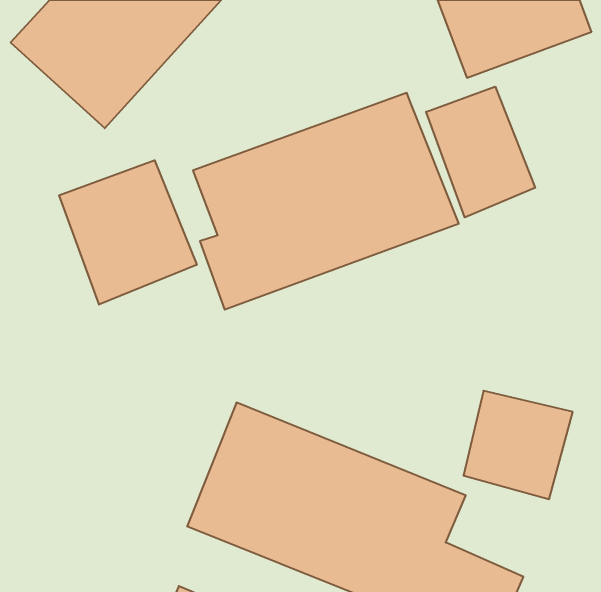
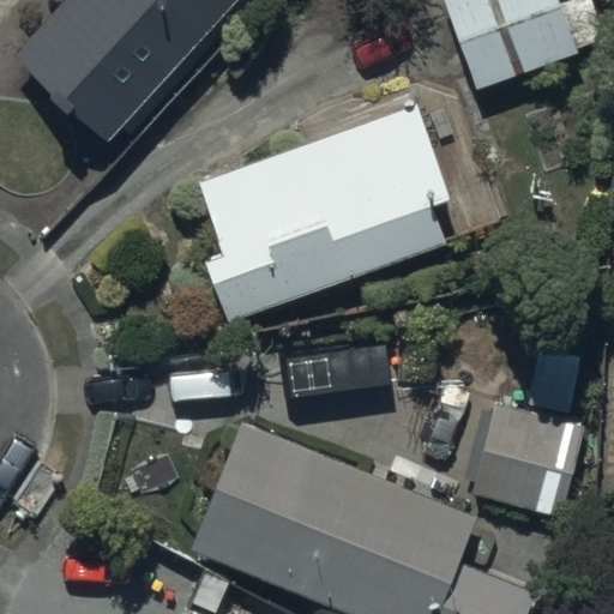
building: [426,87,535,217] -> none
building: [59,160,197,305] -> none

